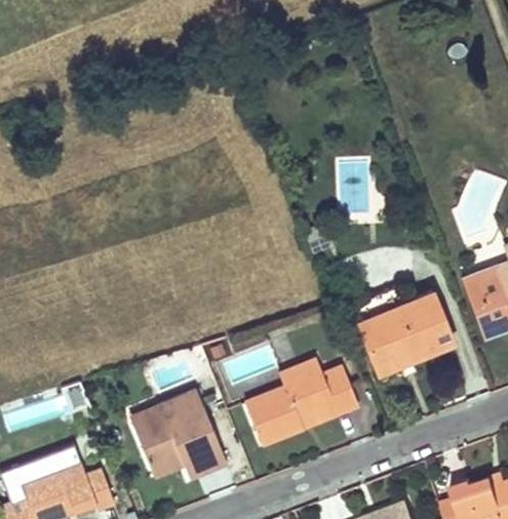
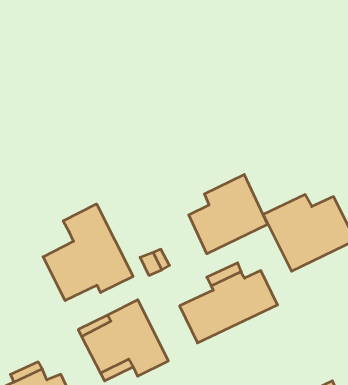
building: none -> [189,174,268,254]
building: none -> [43,204,133,301]

